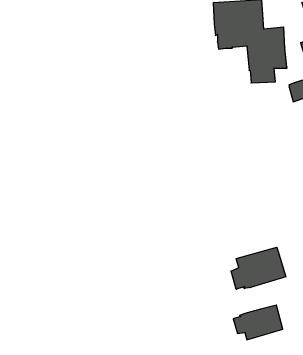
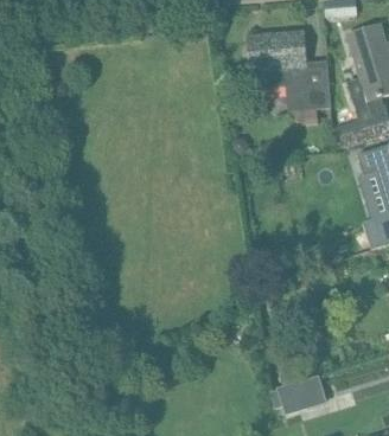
building: [231,247,286,289] -> none

